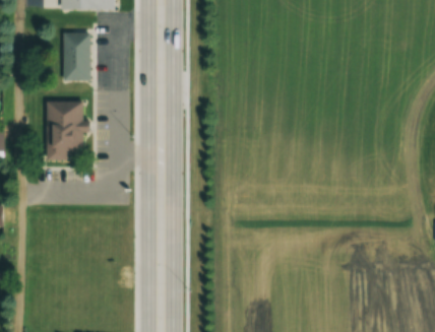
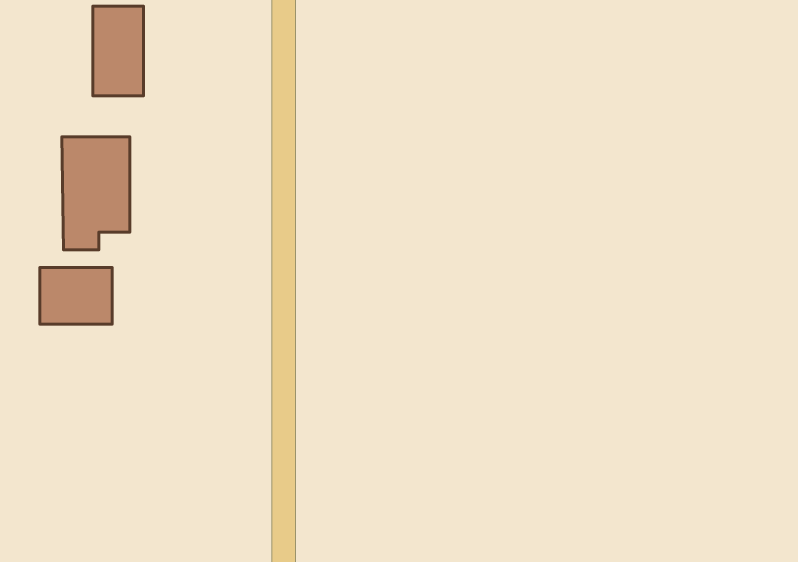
building: none -> [40,267,112,324]

